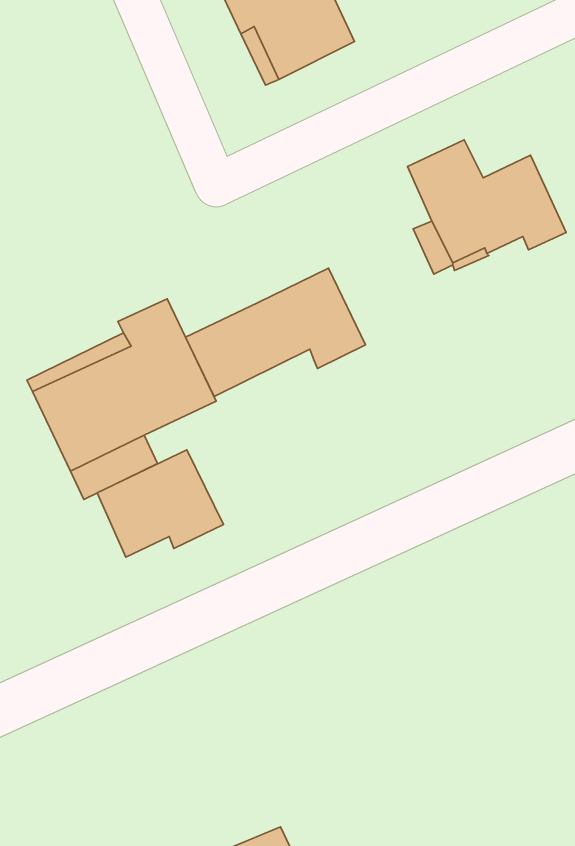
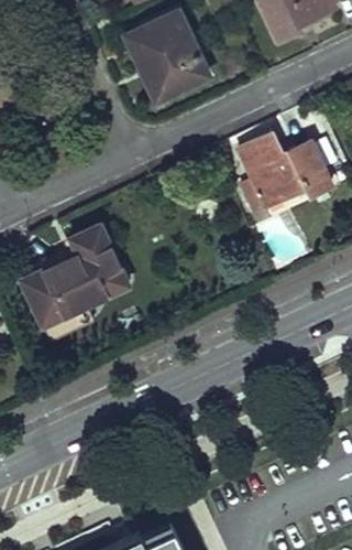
building: [185,268,365,396] -> none
building: [97,450,223,557] -> none

